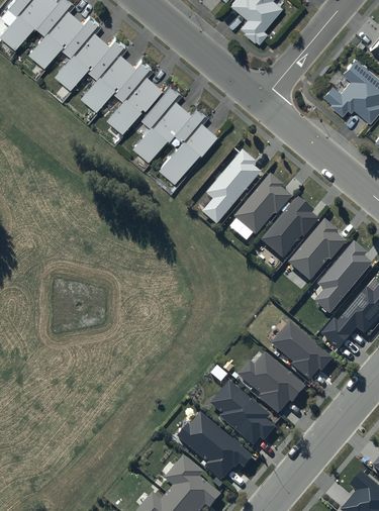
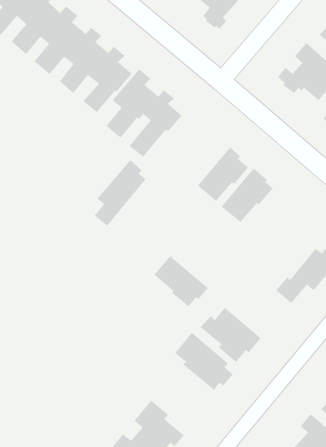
building: [202,148,261,223] -> [94,159,147,227]
building: [288,218,347,280] -> none
building: [314,240,372,313] -> none
building: [271,321,333,379] -> [153,255,209,307]
building: [177,412,253,480] -> none

